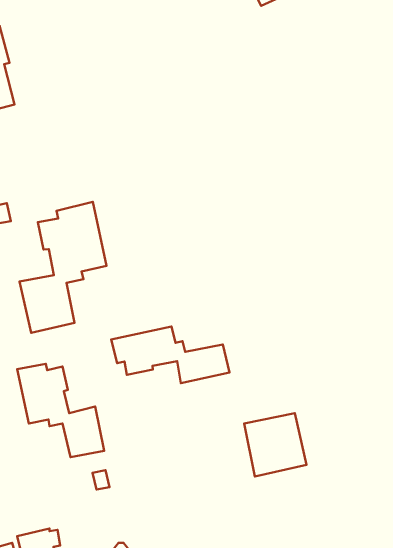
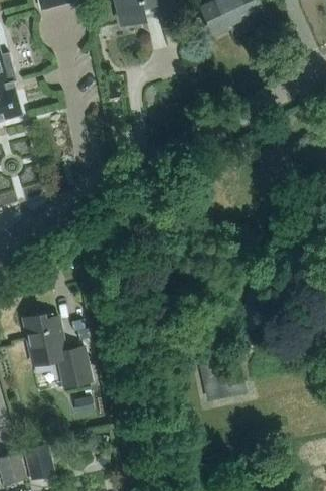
building: [20,202,107,333] -> none
building: [111,327,230,383] -> none

